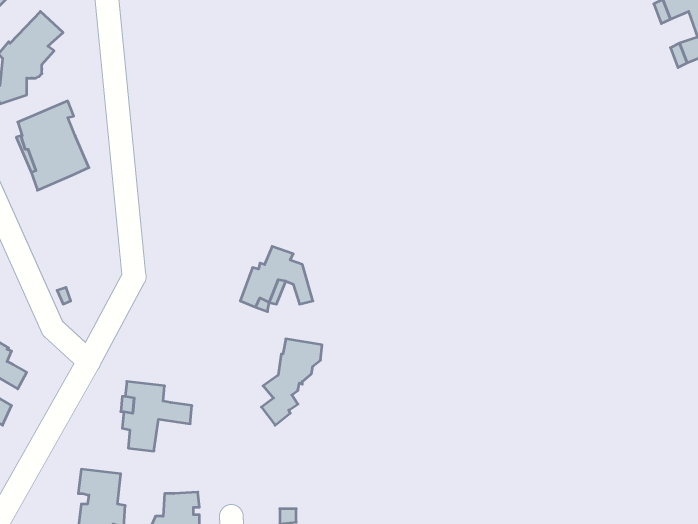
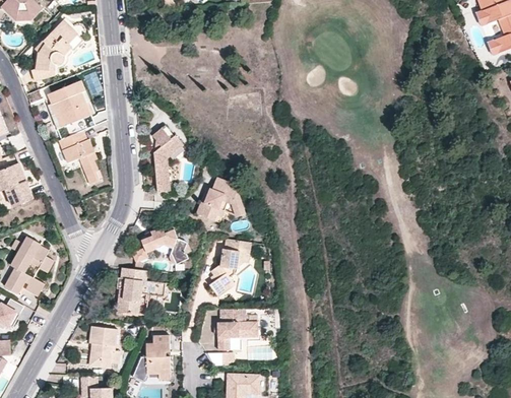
building: none -> [154,127,185,191]
building: none -> [59,129,101,185]
building: none -> [141,227,188,263]
building: none -> [218,309,259,350]

